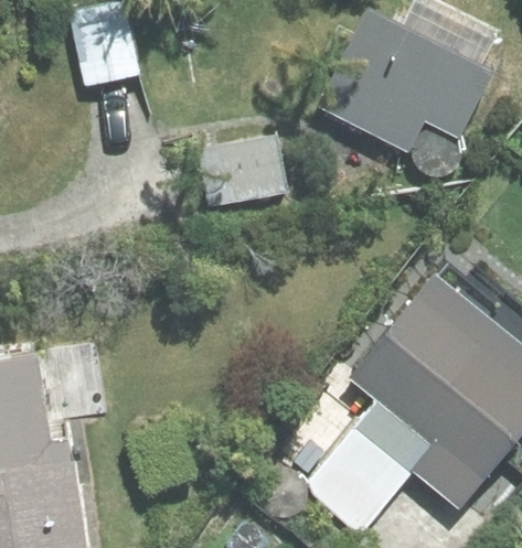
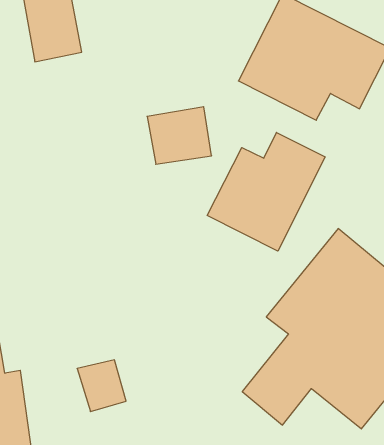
building: none -> [207,132,325,251]

